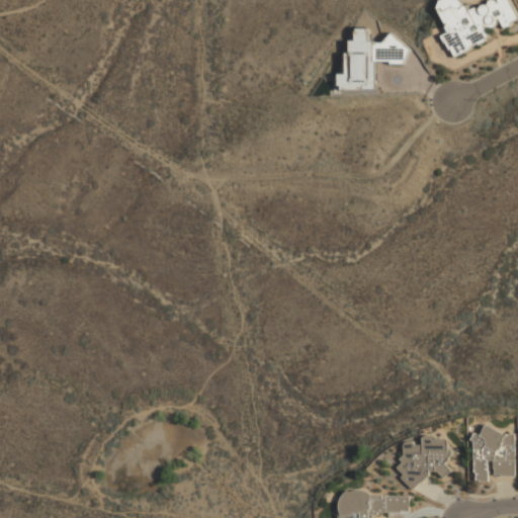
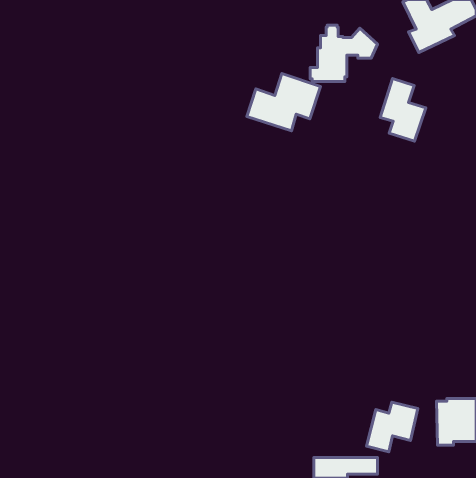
building: none -> [247,73,320,131]
building: none -> [380,79,426,141]

